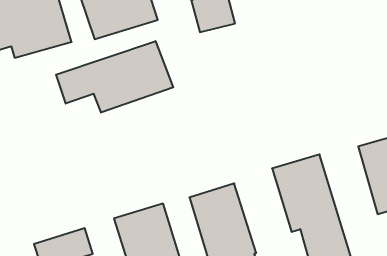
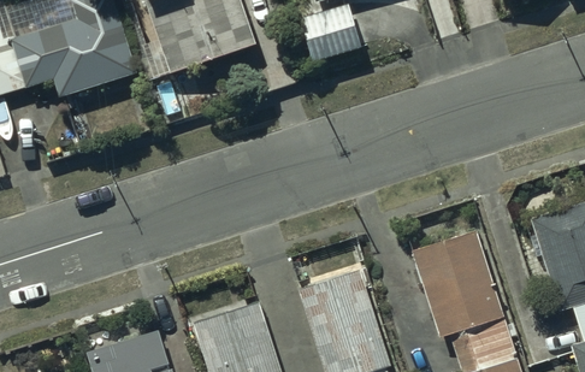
building: [56,41,173,113] -> none

